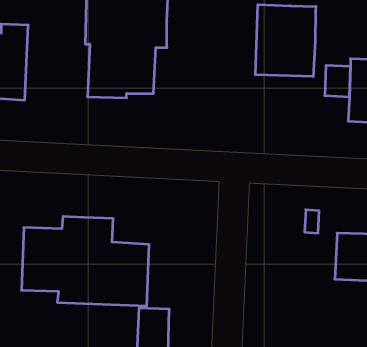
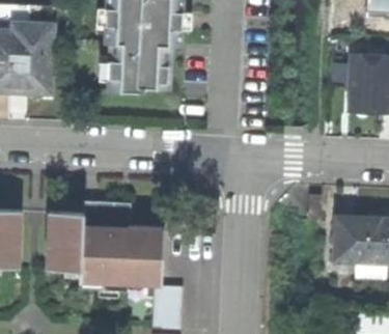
building: [255,5,316,77] -> none

